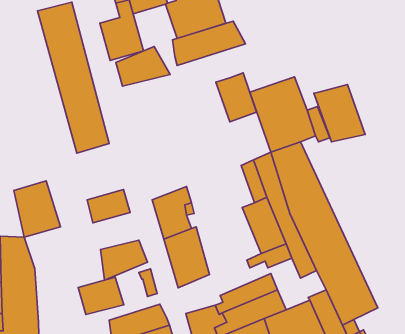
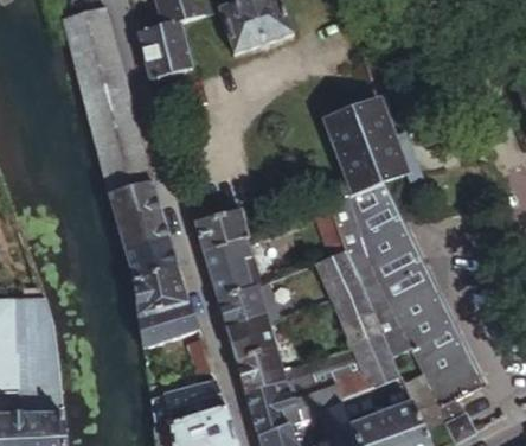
building: [173,21,245,65] -> none
building: [116,47,170,86] -> none
building: [216,73,256,122] -> none
building: [314,85,365,142] -> none
building: none -> [195,210,250,253]
building: [14,181,61,237] -> [110,183,168,253]
building: none -> [347,325,399,389]
building: none -> [236,345,286,394]
building: [78,277,124,314] -> [130,268,187,314]

